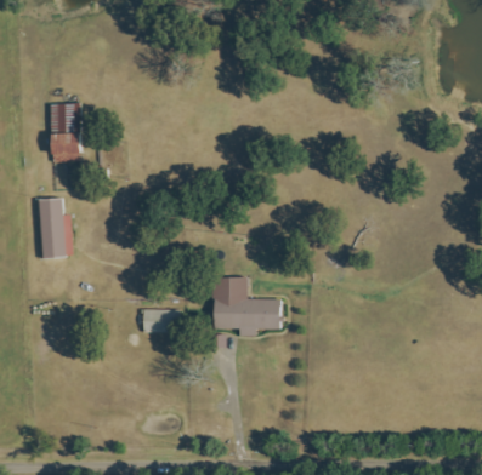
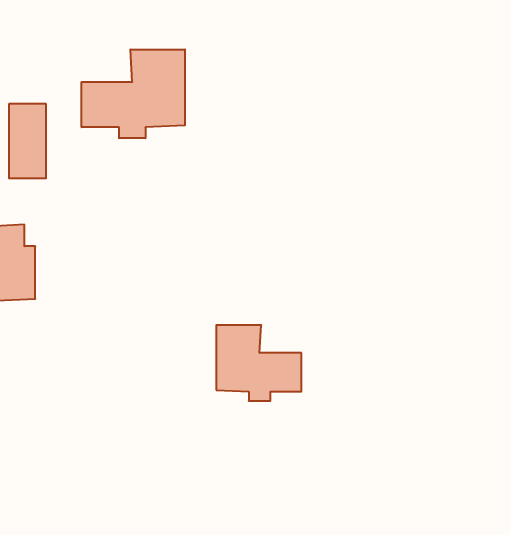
building: none -> [82,49,185,138]
building: [143,309,178,333] -> none

